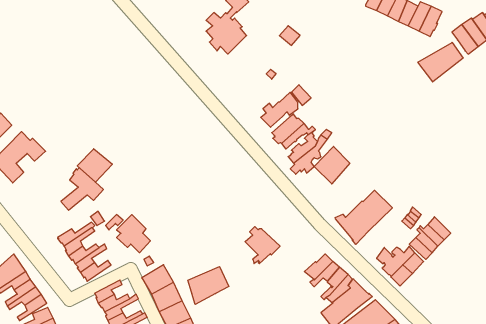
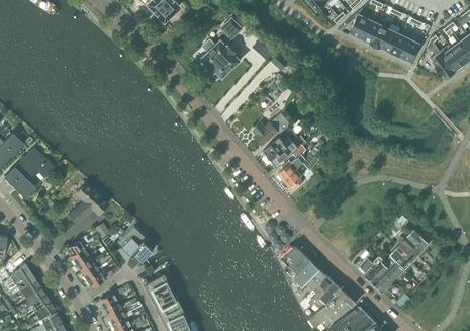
building: [418,42,463,82] -> none
building: [314,146,350,184] -> none
building: [77,149,112,182] -> none
building: [335,190,392,244] -> none
building: [245,227,280,264] -> [280,245,312,279]
building: [188,267,229,304] -> none

